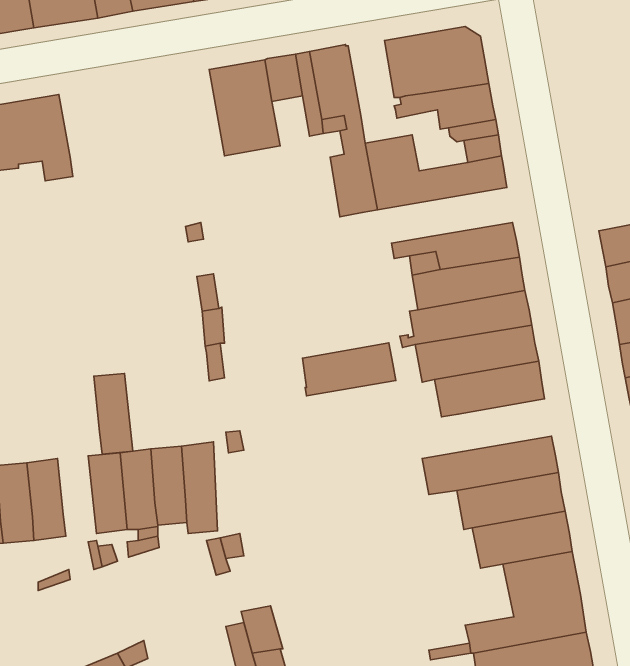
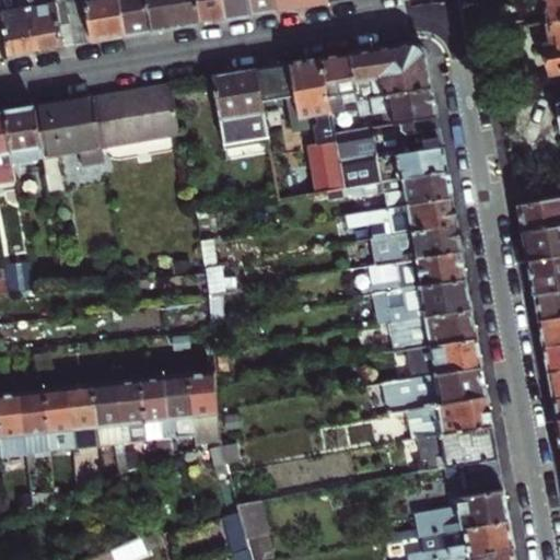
building: none -> [320,55,362,114]
building: none -> [93,84,179,147]
building: none -> [331,171,450,209]
building: [302,343,396,396] -> [407,337,480,378]
building: [94,373,133,454] -> [92,382,122,445]

